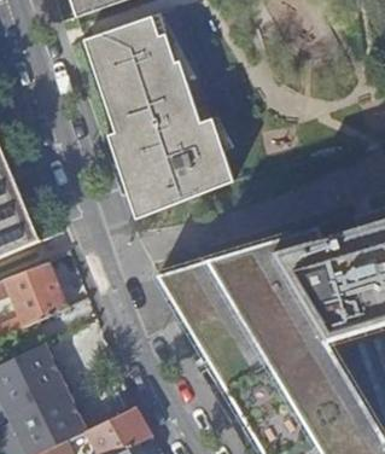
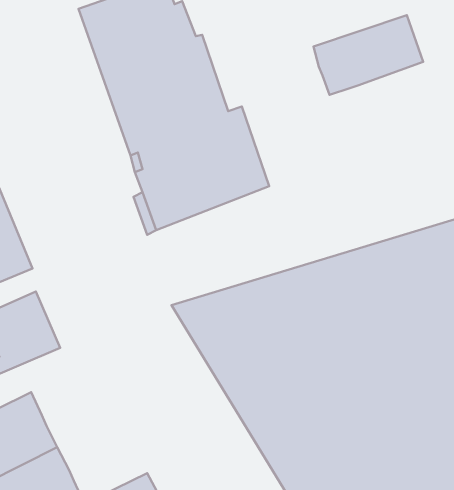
building: none -> [313,15,423,95]

